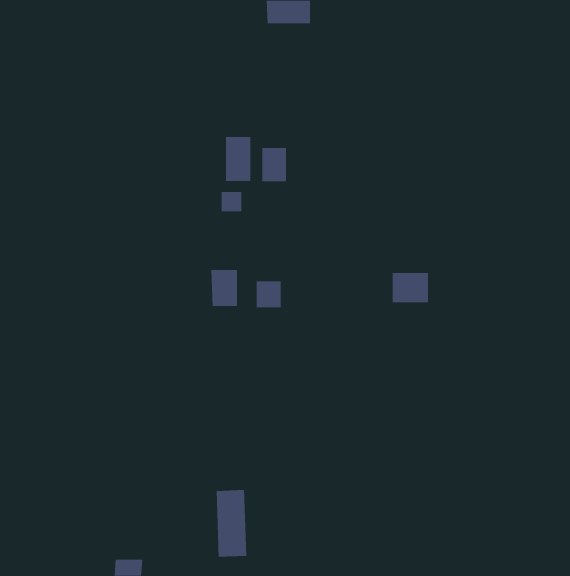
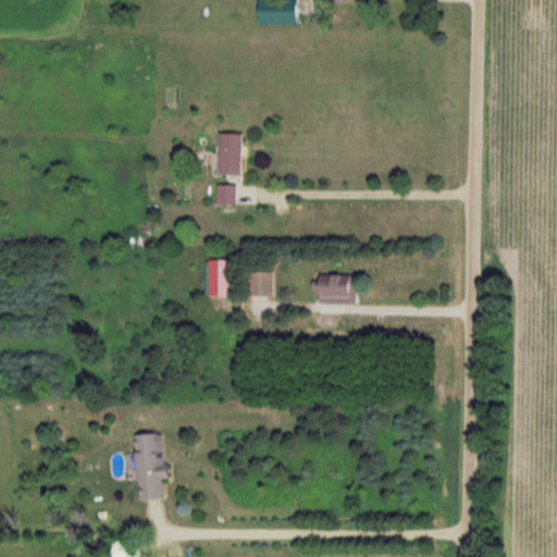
building: [262,147,287,182] -> none
building: [392,272,429,303] -> [320,274,356,304]
building: [216,490,247,557] -> [133,434,163,499]

